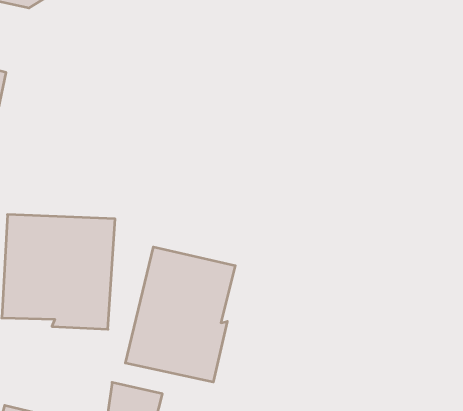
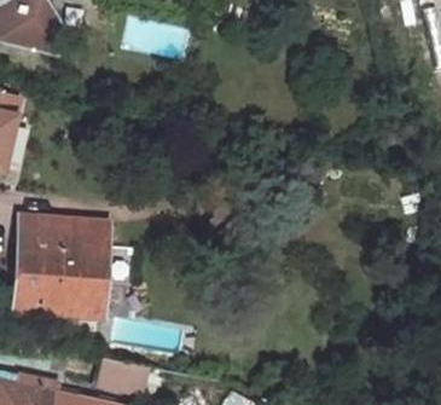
building: [125,247,235,382] -> none

